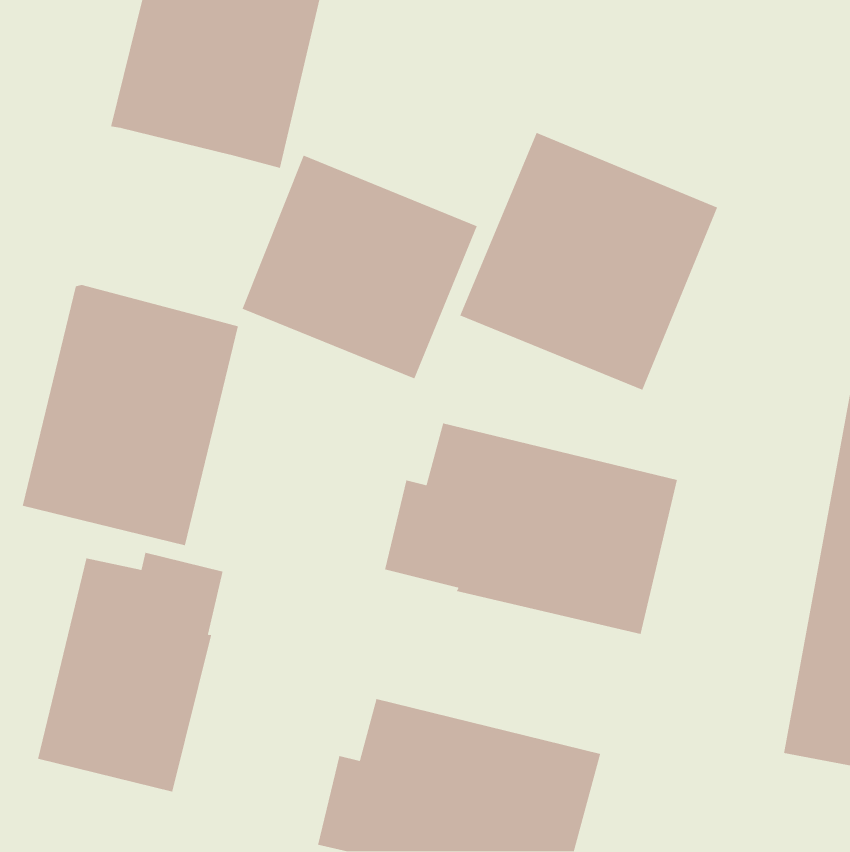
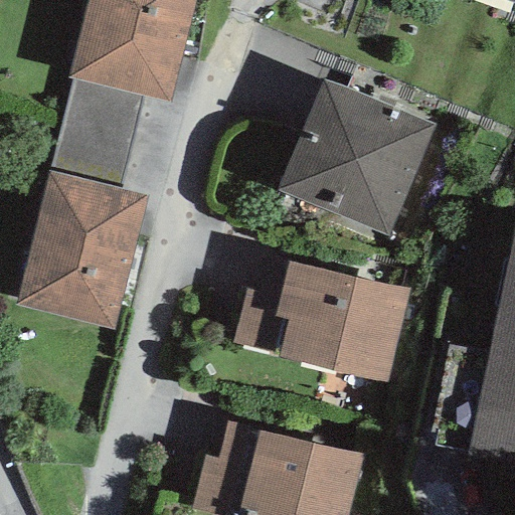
building: none -> [51,77,141,189]
building: [242,154,478,379] -> none
building: [37,552,224,792] -> none

